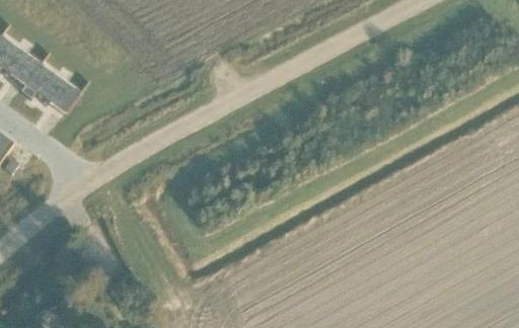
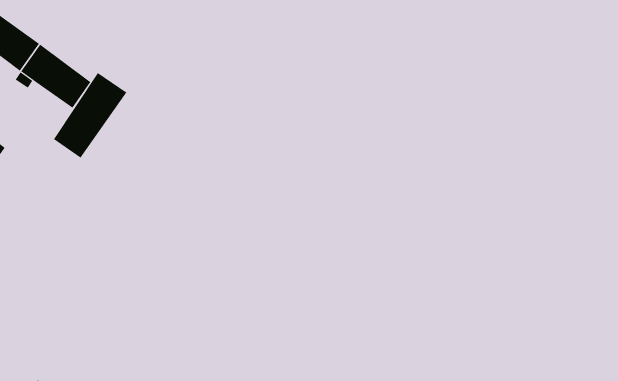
building: none -> [53,72,127,159]

